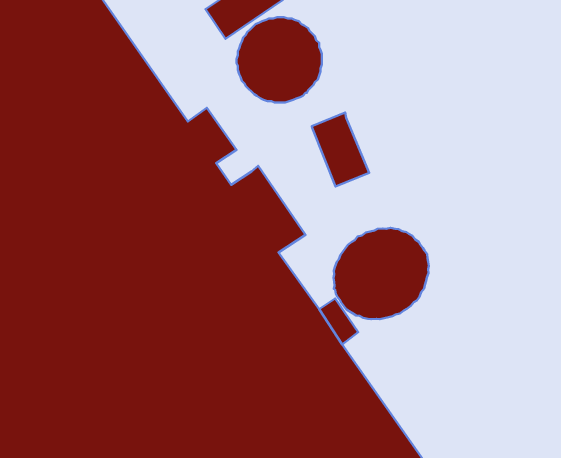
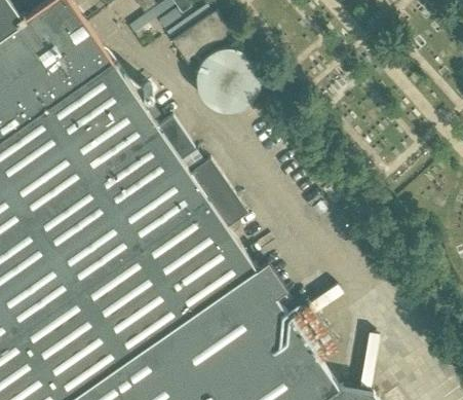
building: [312,113,369,186] -> none
building: [334,228,429,319] -> none

